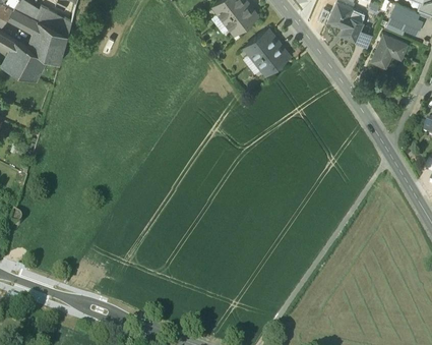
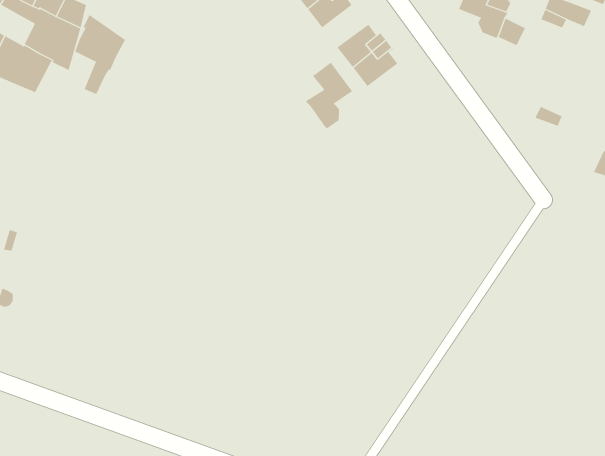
building: none -> [75,14,126,95]
building: [371,34,407,68] -> none
building: none -> [305,61,353,129]

